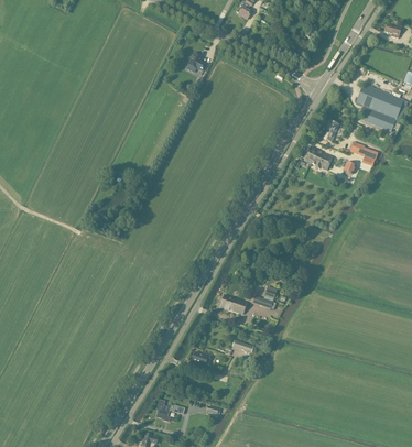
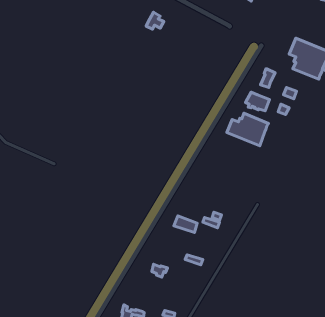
building: none -> [227,113,269,146]

